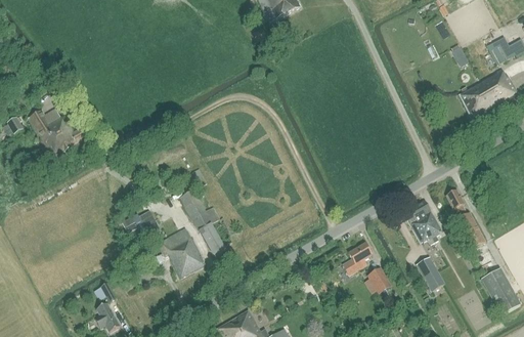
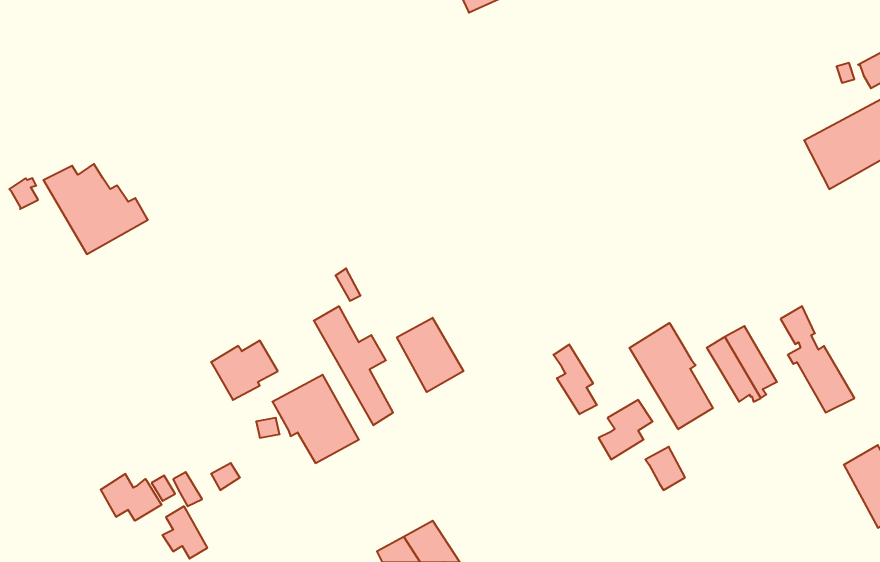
building: none -> [397,318,463,392]
building: none -> [629,323,713,429]
building: none -> [553,344,597,414]
building: [416,256,445,291] -> none
building: none -> [101,474,162,521]

